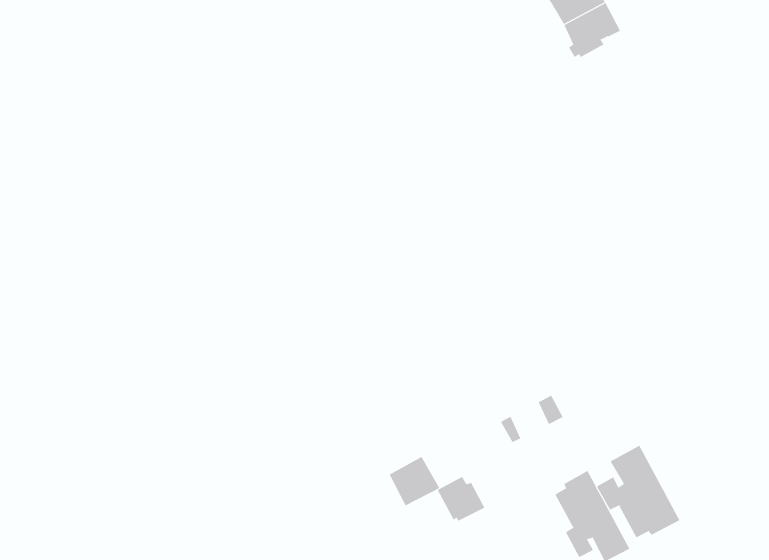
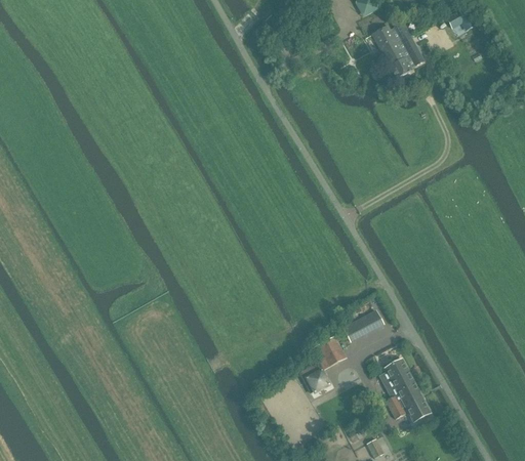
building: [596,445,680,538] -> none
building: [389,456,440,506] -> [312,336,347,370]

